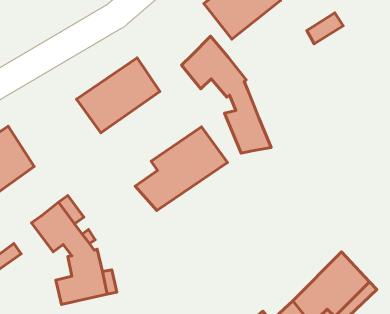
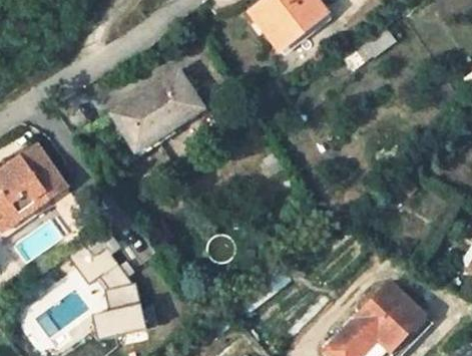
building: [182,36,271,153] -> none
building: [135,127,228,211] -> none

